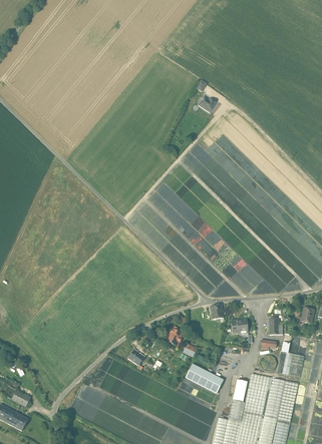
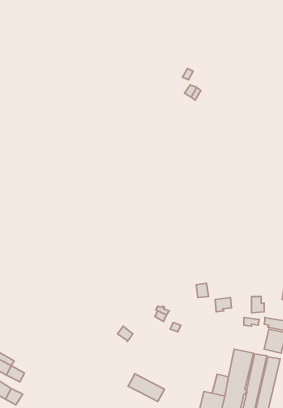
building: [186,364,224,393] -> [128,374,164,402]

